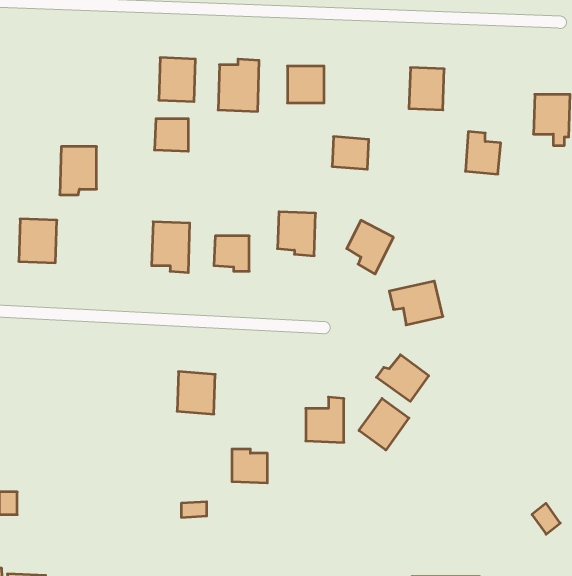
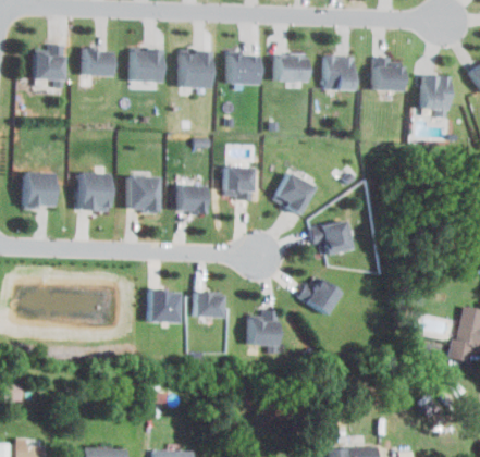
building: none -> [35,52,65,86]
building: [154,119,188,151] -> [85,50,111,75]
building: [465,132,501,174] -> [372,57,399,89]
building: [332,137,369,169] -> [276,55,305,81]
building: [60,147,97,195] -> [79,173,108,210]
building: [359,398,409,450] -> none
building: [232,449,267,483] -> [193,292,220,318]

